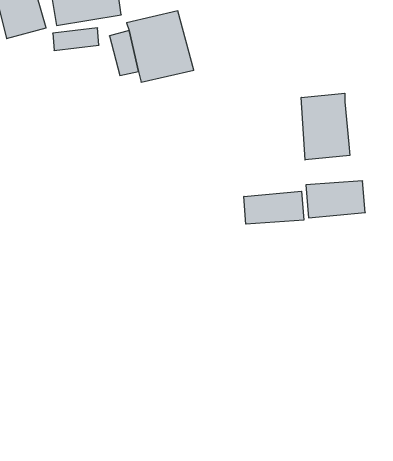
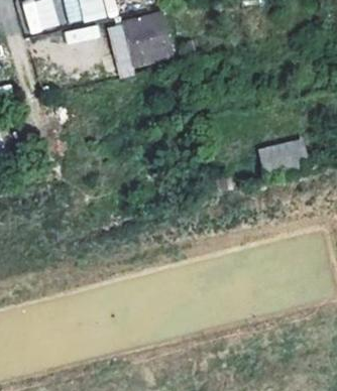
building: [301,93,350,160] -> none
building: [244,191,304,224] -> none

